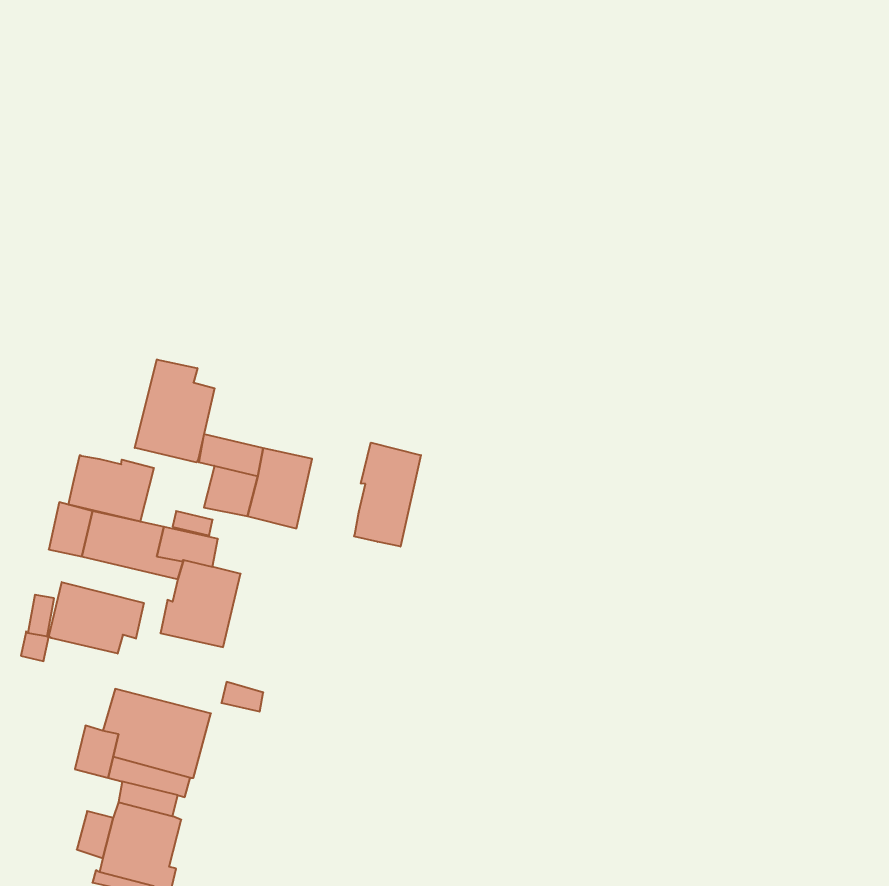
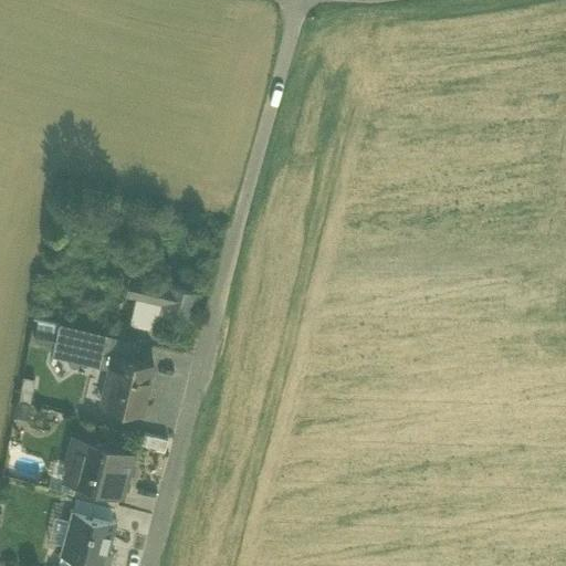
building: [135,359,215,462] -> none
building: [354,443,421,547] -> none
building: [68,455,154,522] -> none
building: [49,582,144,654] -> none

